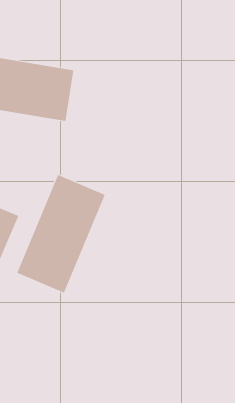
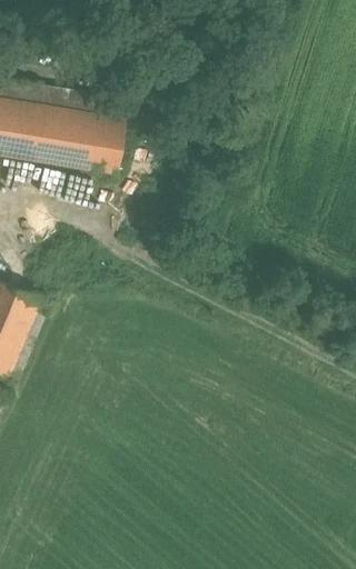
building: [16,174,106,294] -> none

